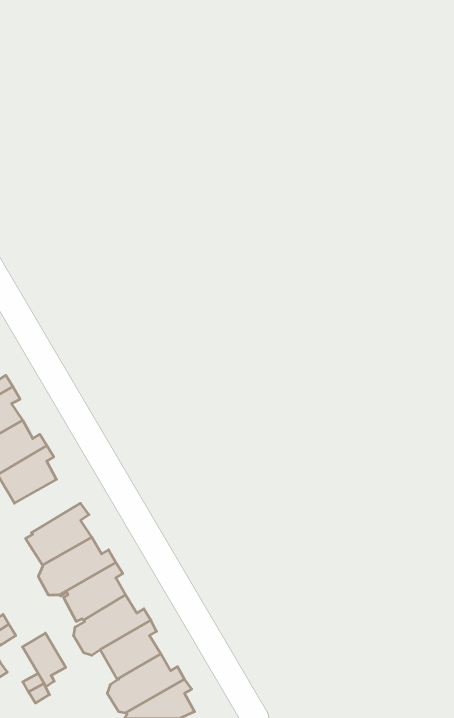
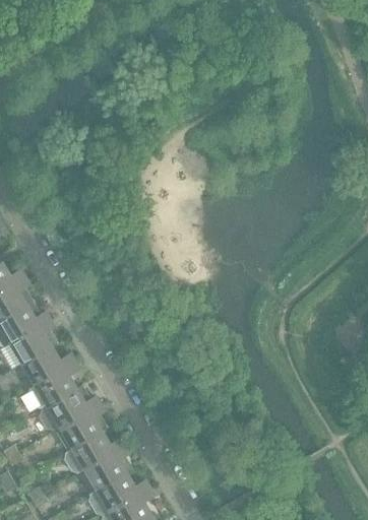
building: none -> [21,346,69,385]
building: [22,633,66,687] -> none

